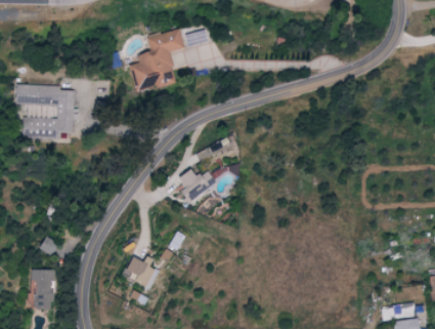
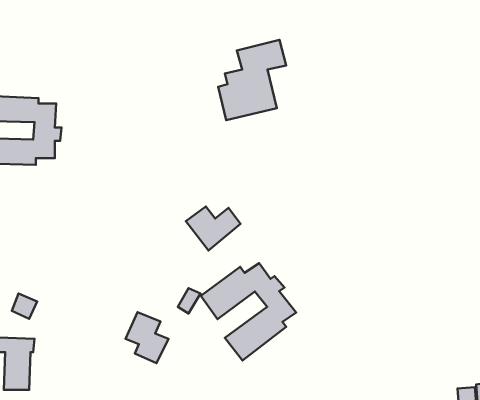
building: [130,29,182,90] -> [218,40,286,120]
building: none -> [201,263,296,360]

